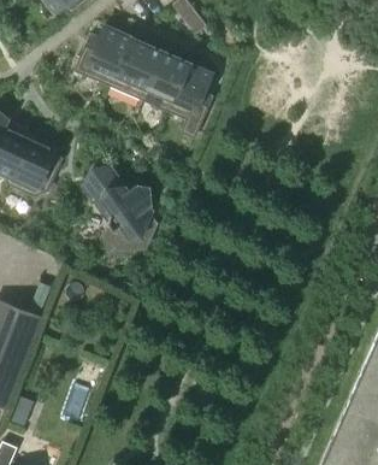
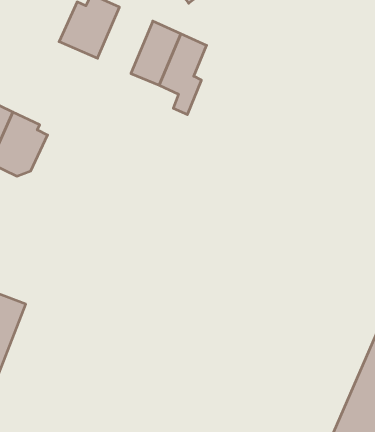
building: [110,37,161,100] -> none
building: [84,167,154,249] -> none

